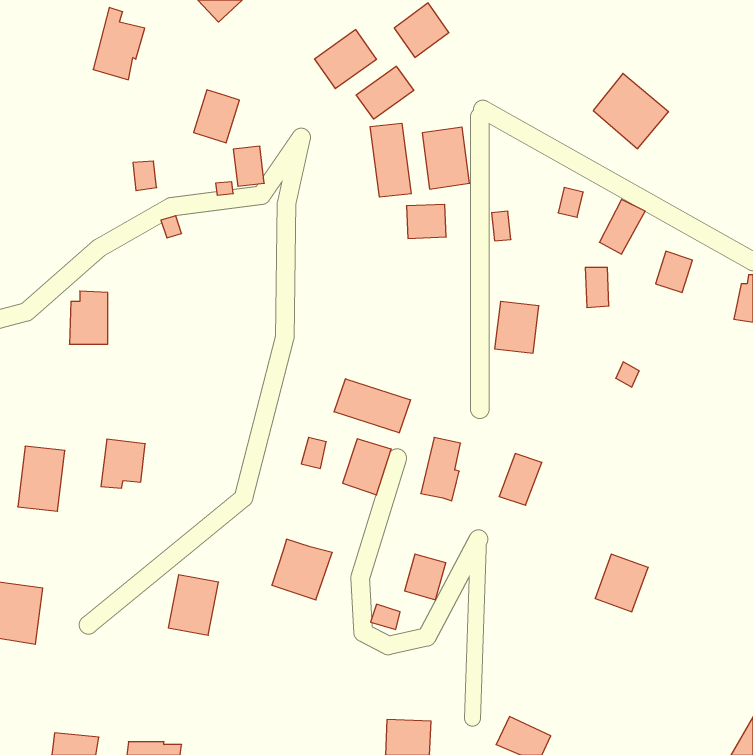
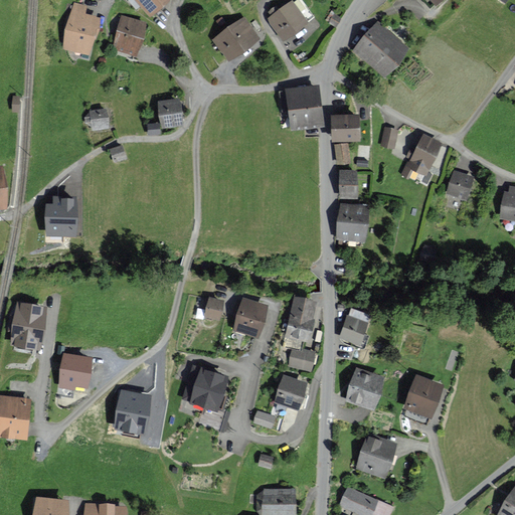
building: [356,66,414,119] -> none
building: [593,73,669,149] -> [355,24,406,75]
building: [194,90,239,143] -> [113,17,144,53]
building: [370,123,411,197] -> none
building: [406,204,446,238] -> [332,117,359,140]
building: [585,267,609,307] -> [340,171,356,198]
building: [334,379,411,433] -> none
building: [101,439,145,488] -> [59,355,90,388]
building: none -> [288,349,314,371]
building: none -> [347,369,382,408]
building: none -> [357,436,394,477]

